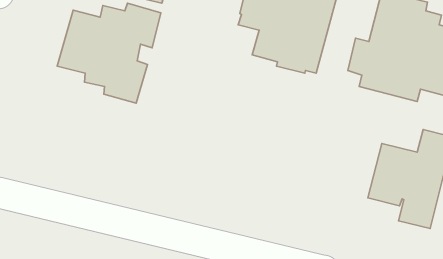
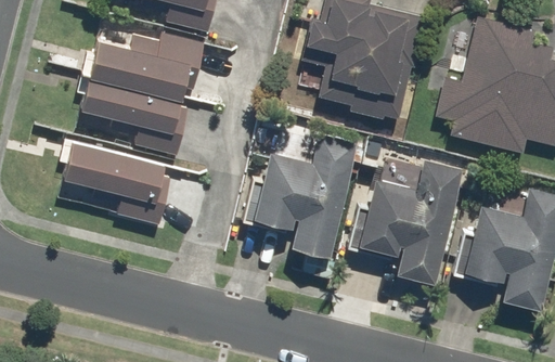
building: none -> [250,133,358,257]
building: none -> [61,142,171,223]
building: none -> [356,159,463,284]

